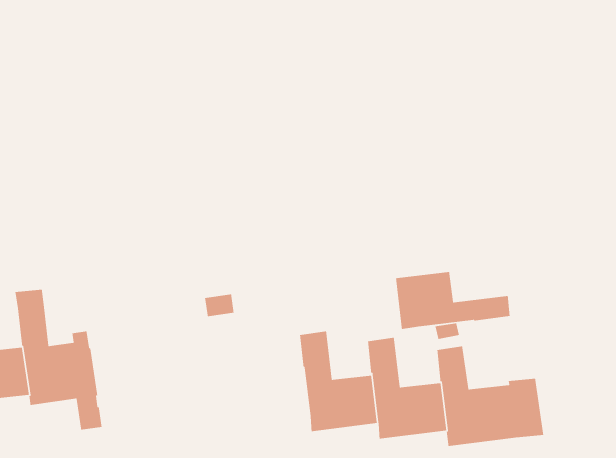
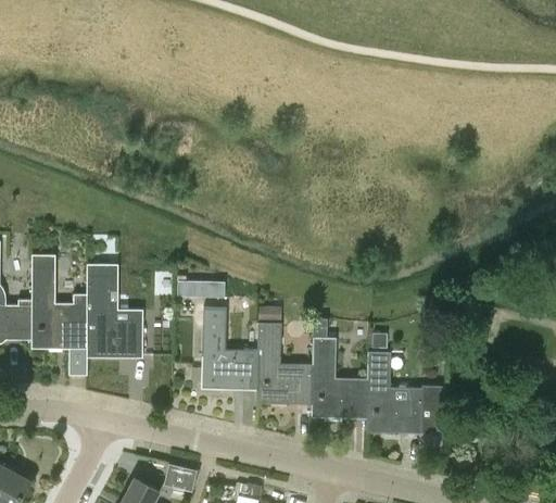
building: none -> [87,238,143,357]
building: [395,271,510,330] -> none
building: none -> [202,307,258,390]

